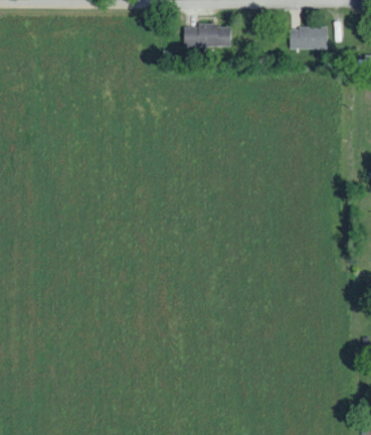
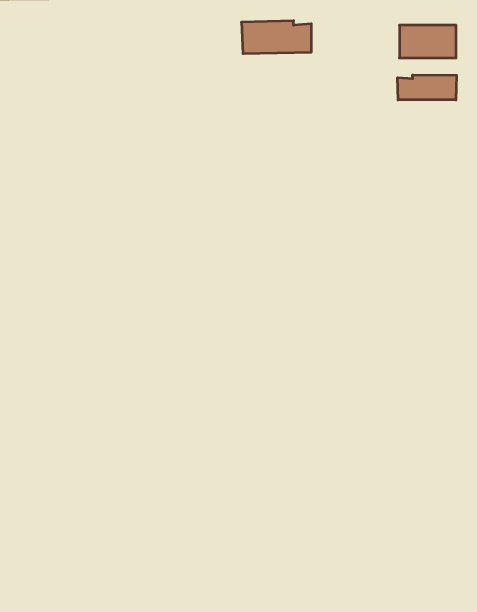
building: none -> [398,75,457,100]

